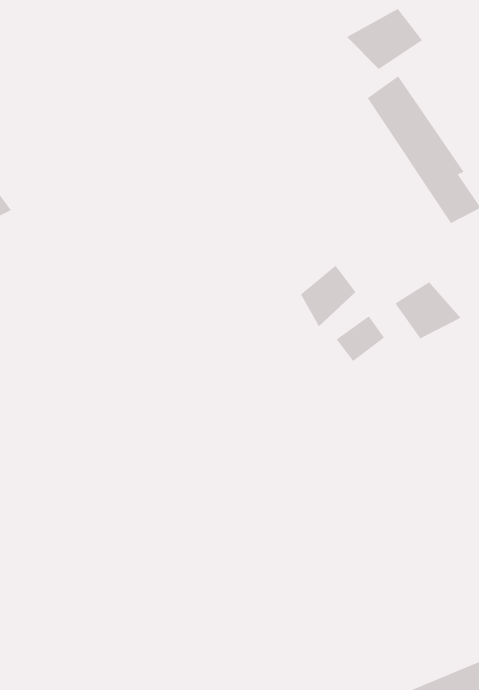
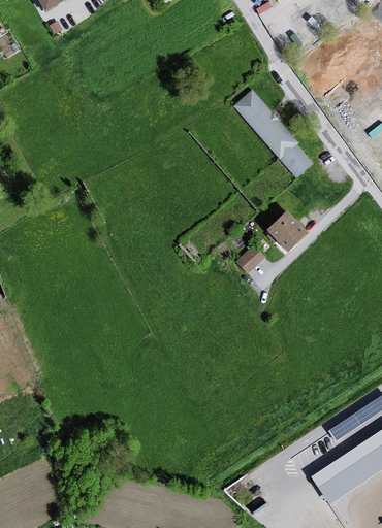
building: [346,8,423,70] -> none
building: [300,265,356,327] -> none

